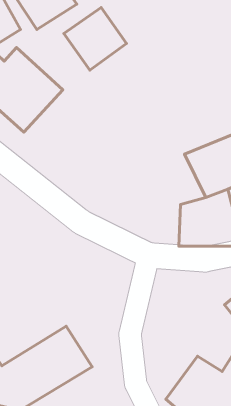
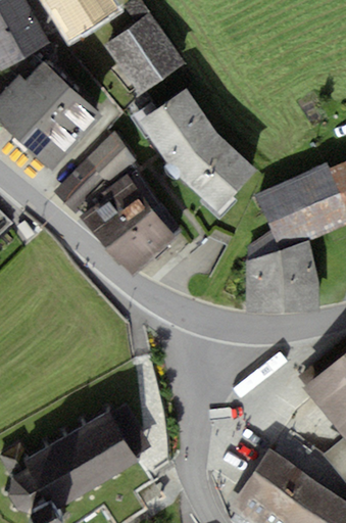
building: none -> [143,89,256,212]
building: none -> [56,135,172,270]

